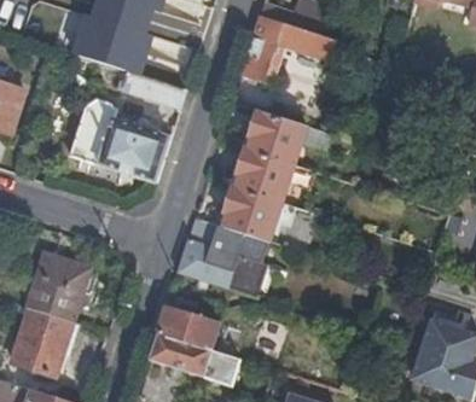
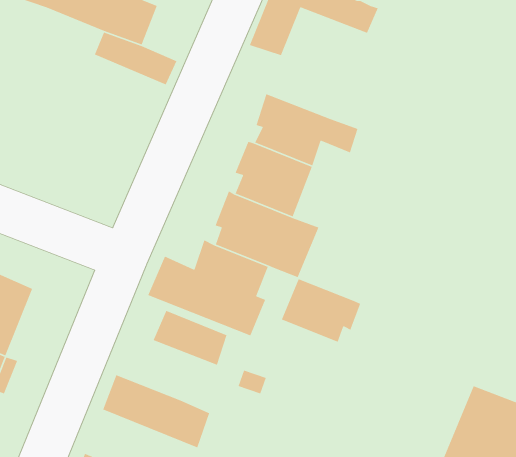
building: [70,101,170,183] -> none
building: none -> [281,278,361,343]
building: [157,307,214,346] -> [152,310,228,366]

